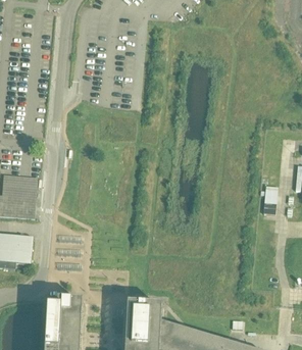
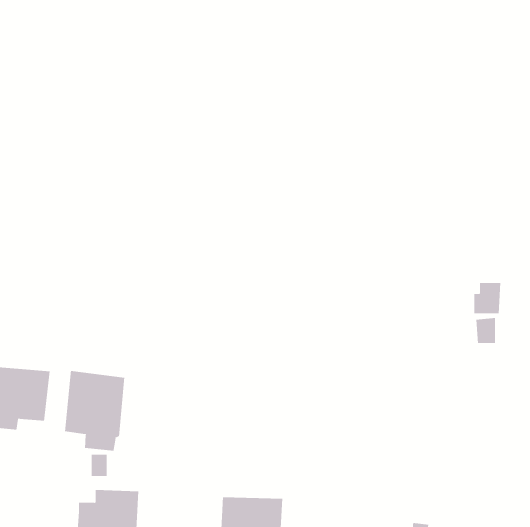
building: none -> [65,370,125,452]

